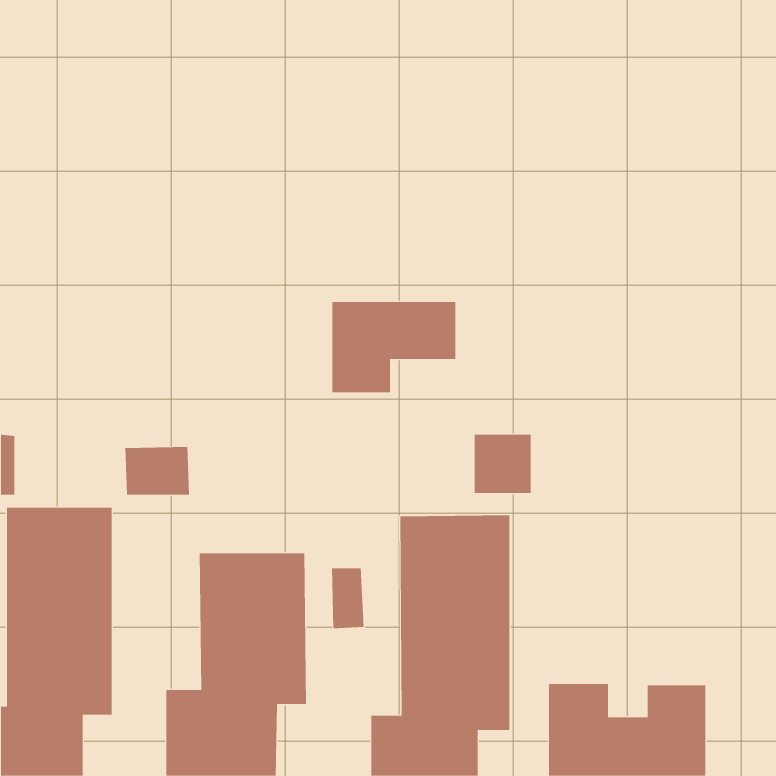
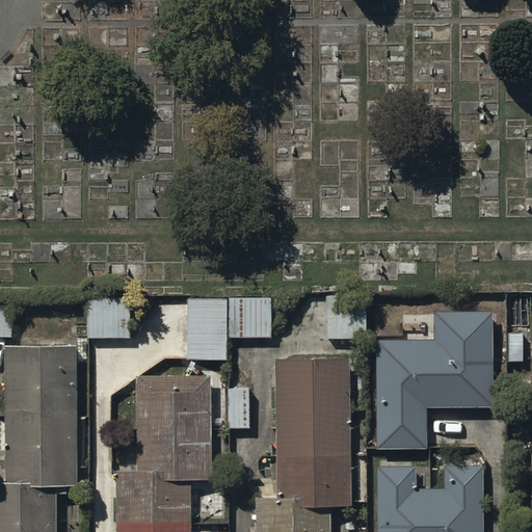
building: [332,302,456,393] -> [186,299,271,362]
building: none -> [374,313,493,450]

